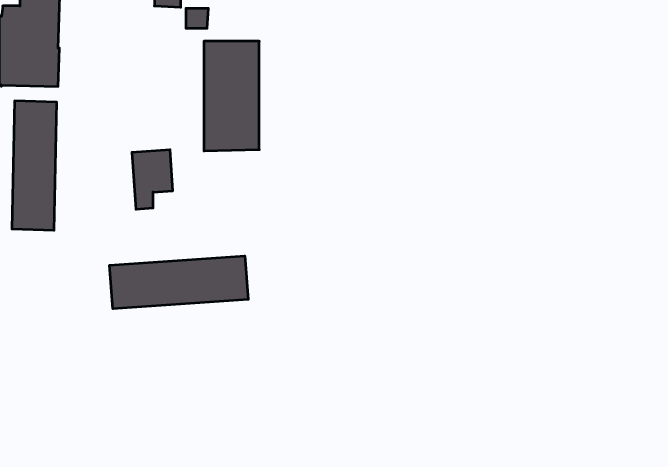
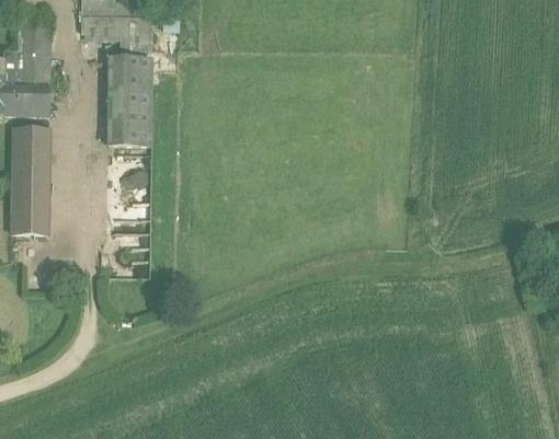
building: [204,41,259,151] -> [106,56,152,147]
building: [110,256,248,309] -> none

